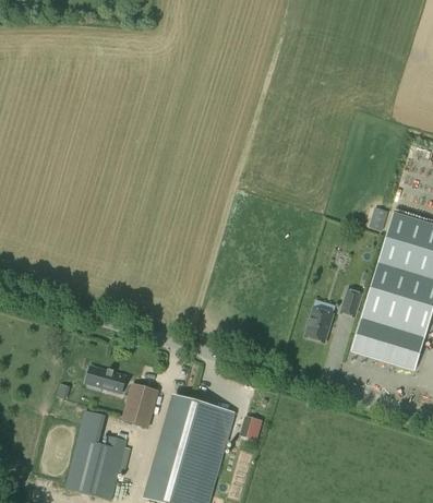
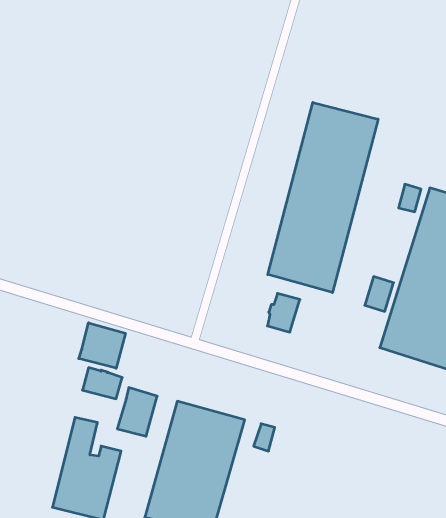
building: none -> [268,102,378,293]
building: [304,308,333,342] -> [267,293,300,332]
building: none -> [79,323,125,368]

